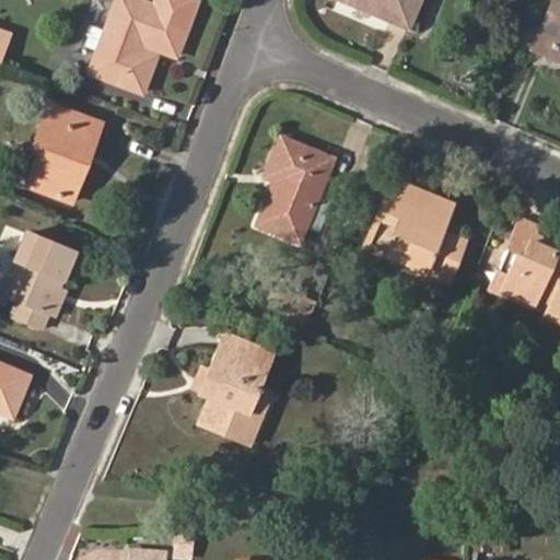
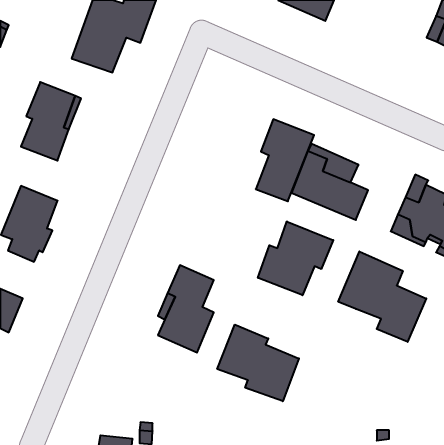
building: [261,137,335,240] -> [256,119,314,201]
building: none -> [258,221,333,295]
building: none -> [338,251,426,342]
building: none -> [217,325,299,401]

